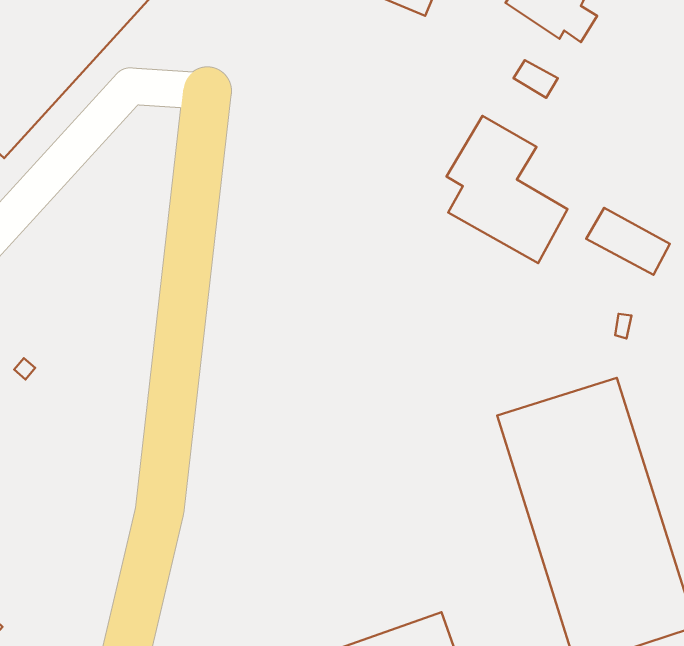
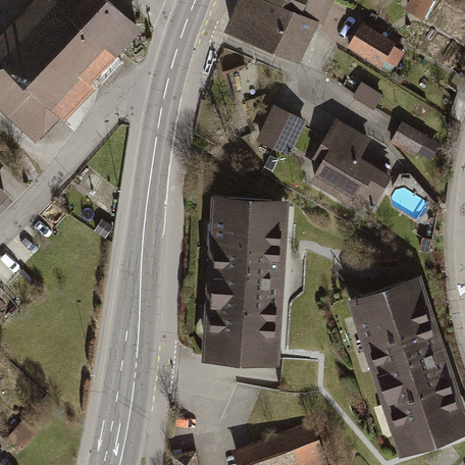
building: none -> [259,108,304,154]
building: [586,208,670,275] -> [389,123,441,165]
building: none -> [204,194,286,362]

